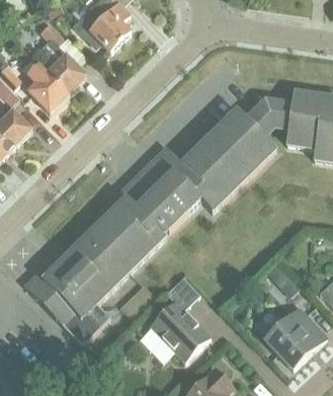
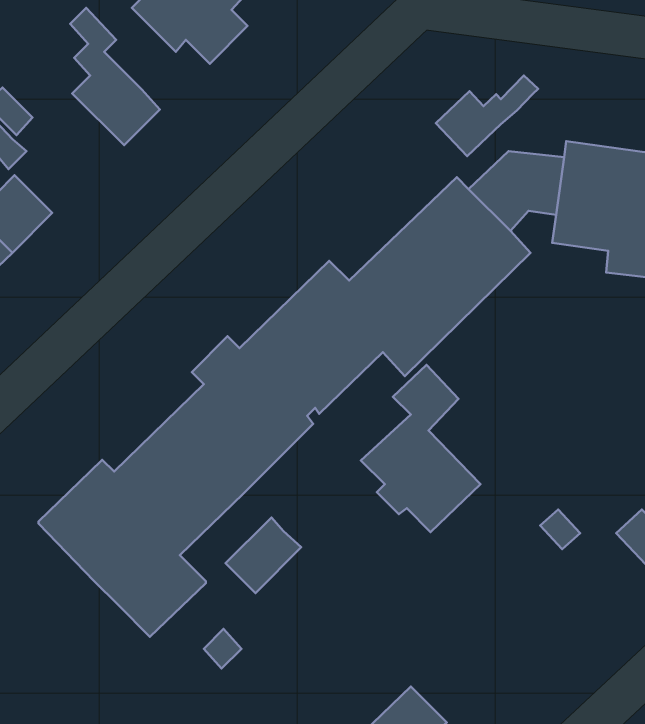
building: none -> [436,76,538,156]
building: [28,64,68,110] -> none
building: [149,275,210,361] -> [361,365,480,532]
building: [264,306,326,368] -> none

